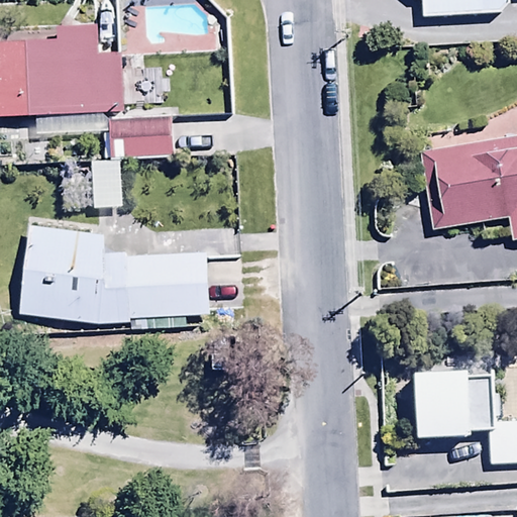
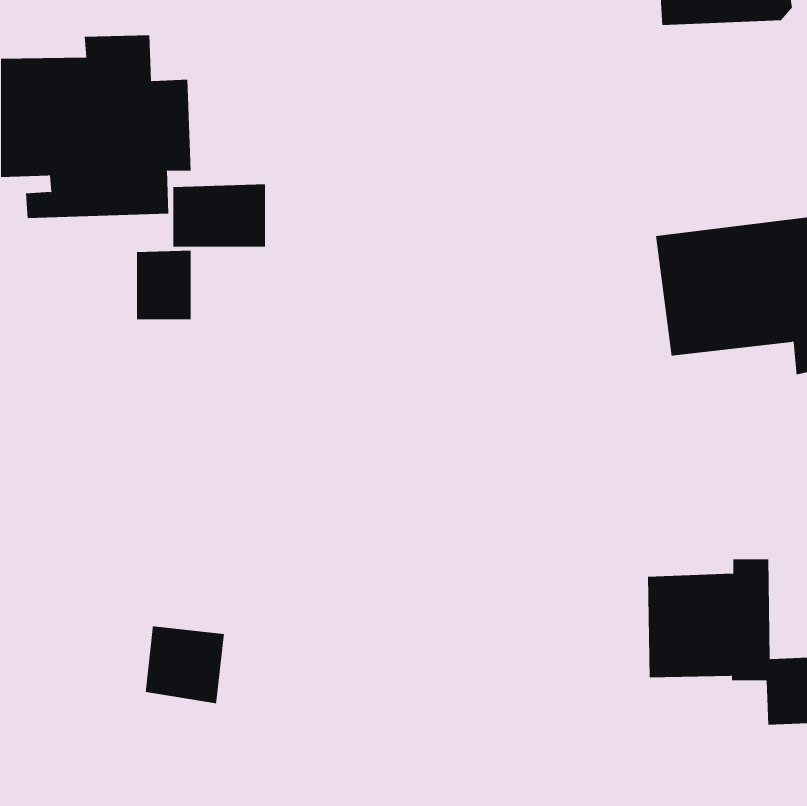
building: [18,223,208,322] -> none
building: none -> [145,625,225,704]

